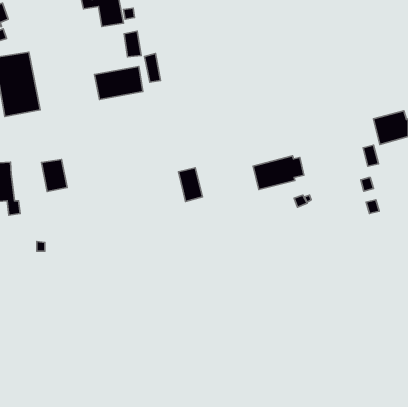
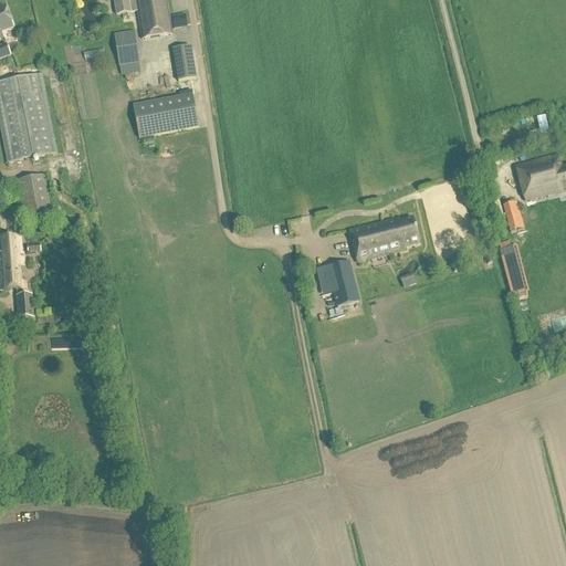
building: none -> [114,29,138,72]
building: [144,54,160,82] -> none
building: [42,159,67,192] -> [15,174,51,218]
building: [178,168,202,202] -> [324,258,357,304]

